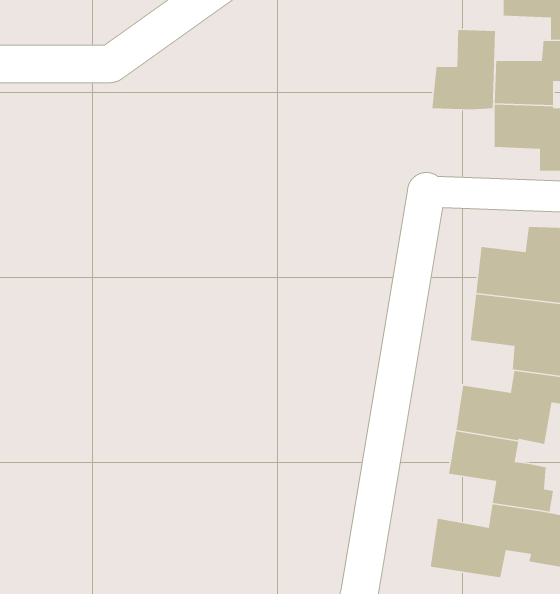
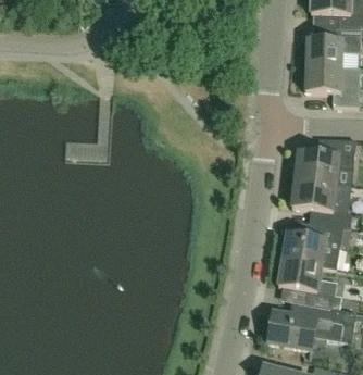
building: [431,29,496,110] -> none

